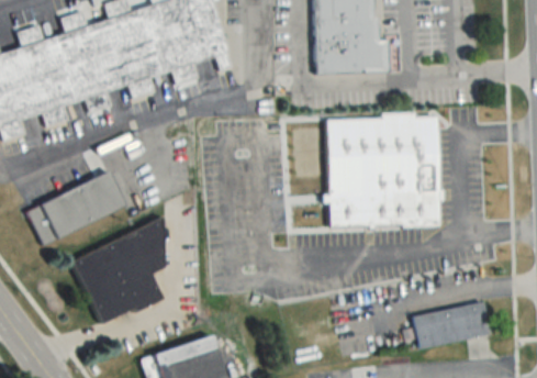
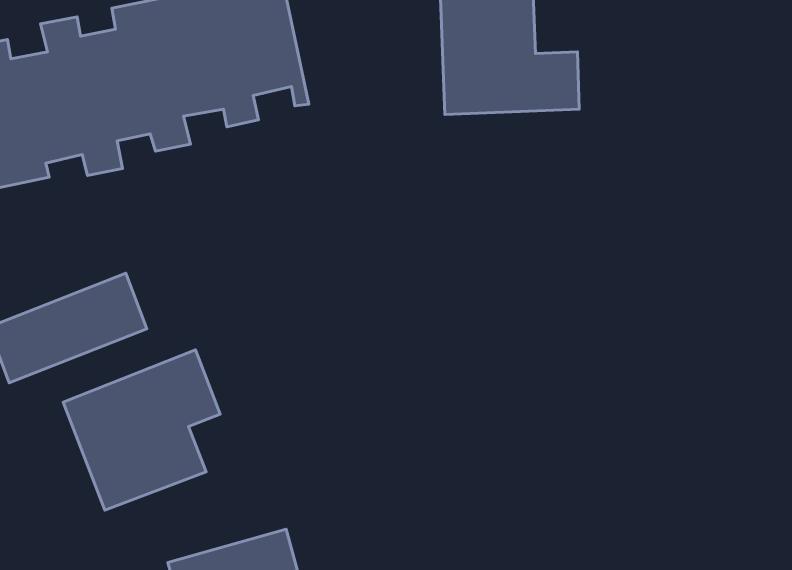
building: [327,115,440,226] -> none
building: [413,302,492,348] -> none

